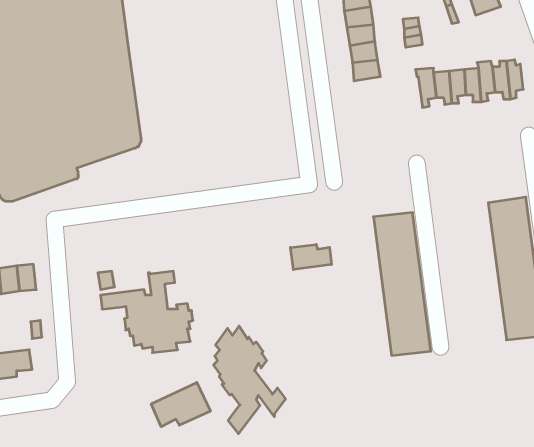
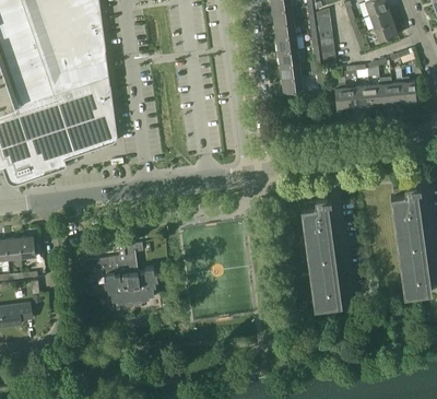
building: [290,244,331,270] -> none
building: [214,326,285,434] -> none
building: [151,382,210,427] -> none

